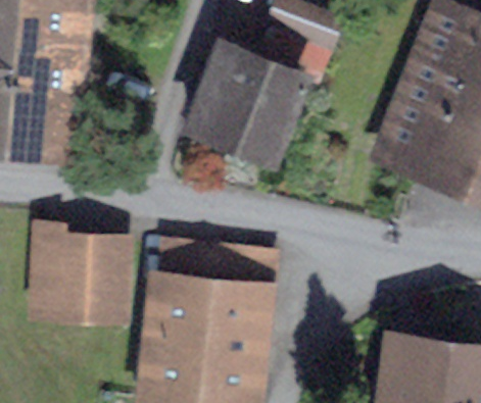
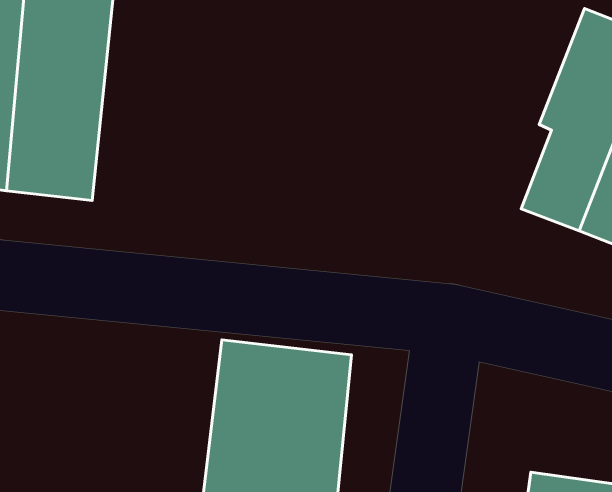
building: [187,8,341,159] -> none
building: [30,233,122,315] -> none

